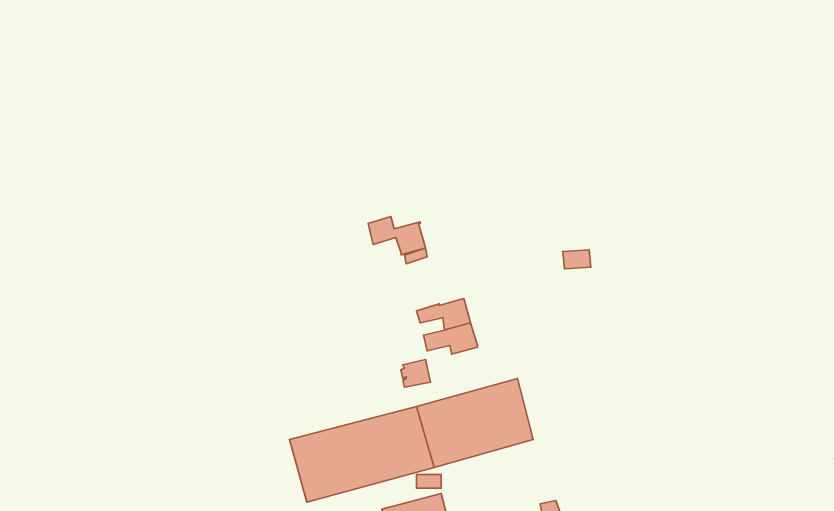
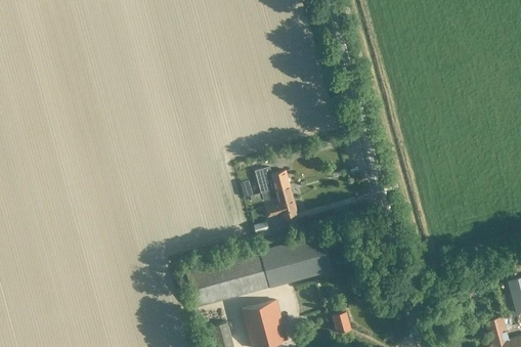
building: [368,217,426,255] -> [256,169,290,191]

